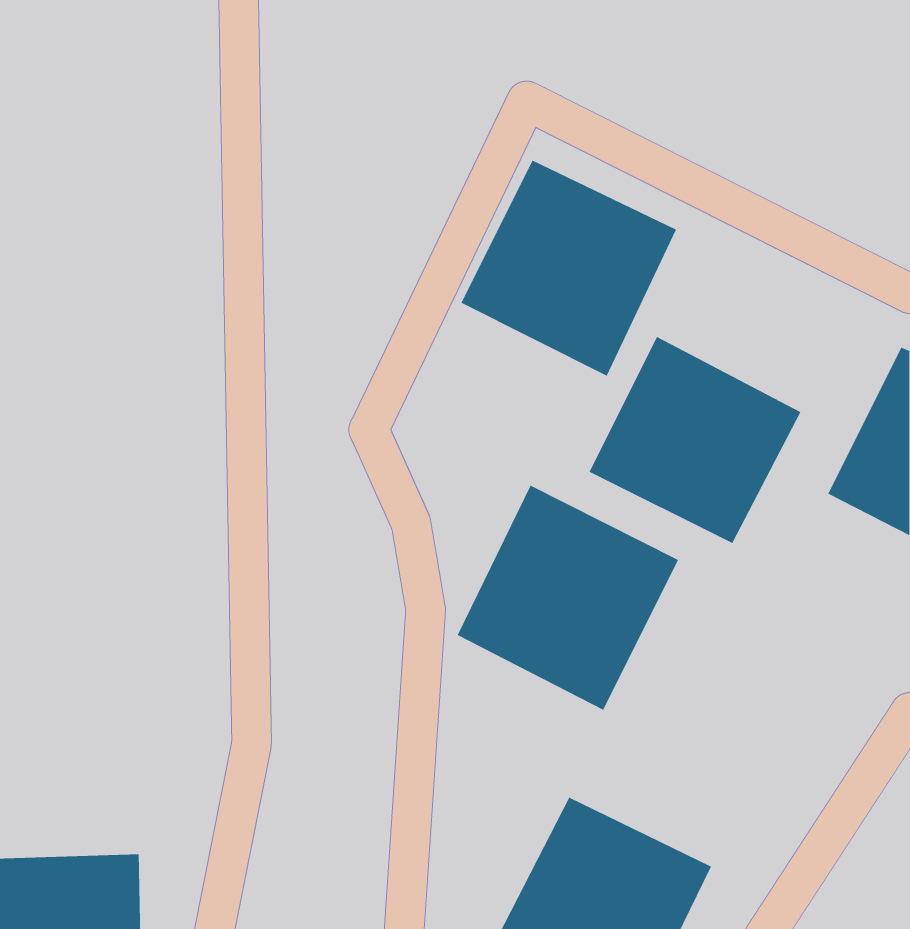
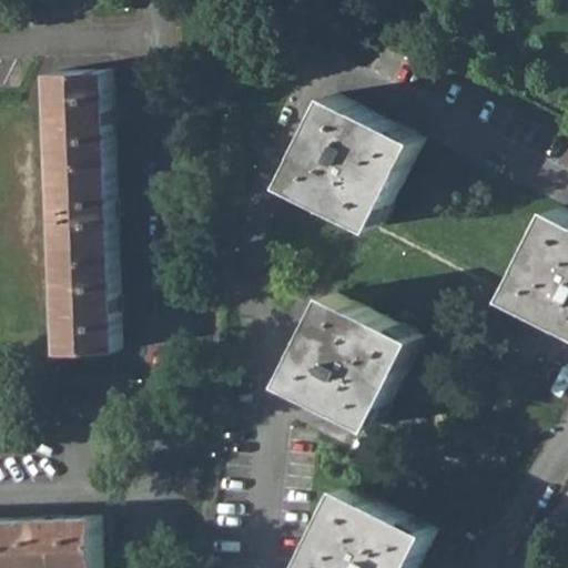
building: none -> [38,78,105,358]
building: [589,336,801,544] -> none

